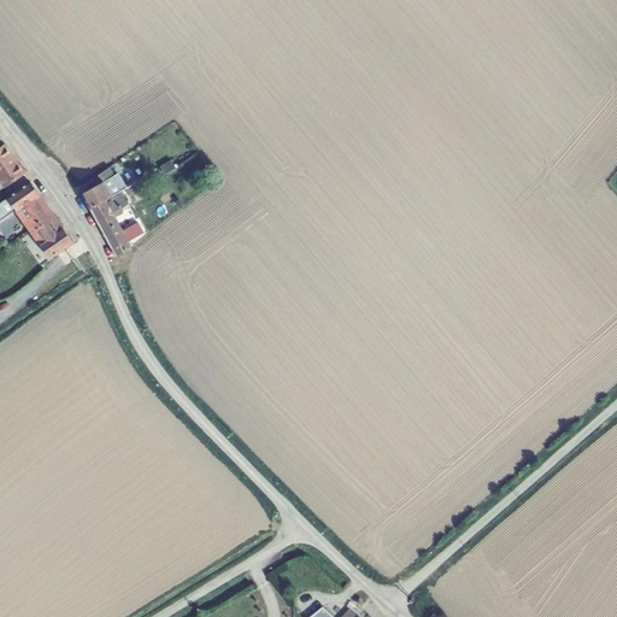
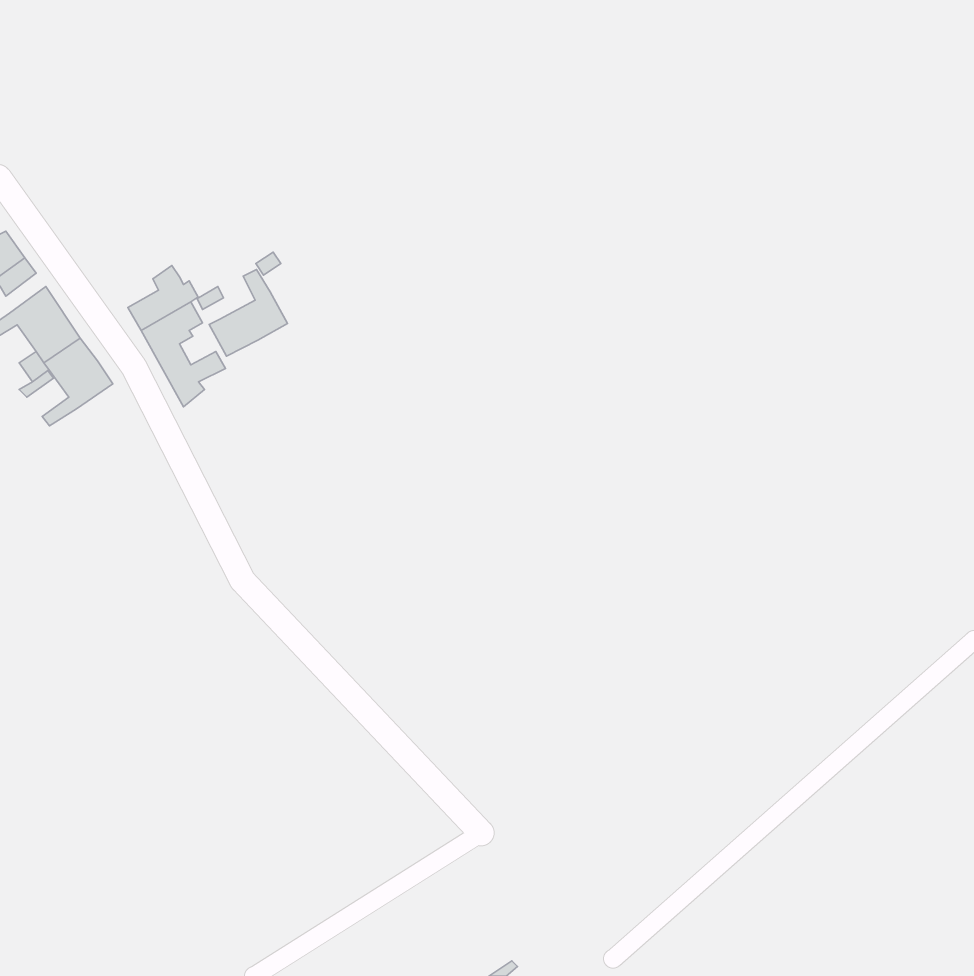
building: none -> [209,269,288,356]

